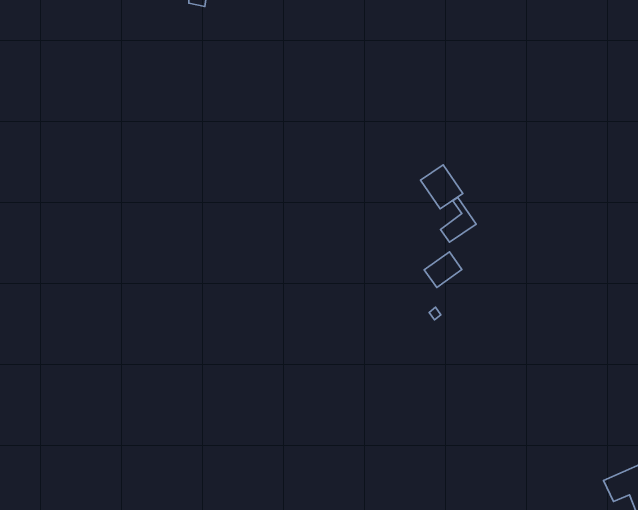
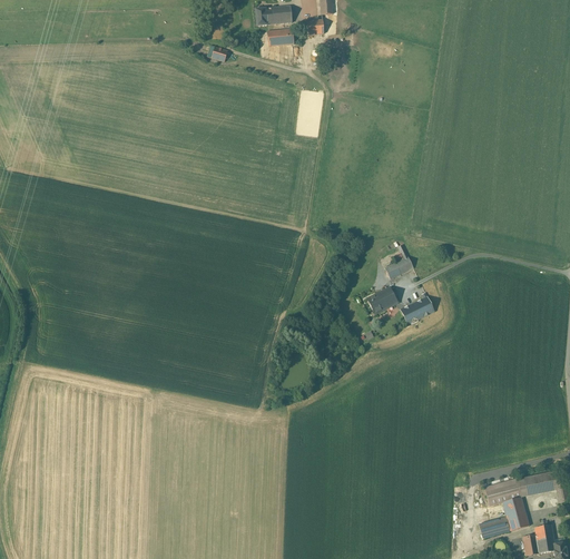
building: [421,165,463,209] -> none
building: none -> [400,296,434,325]

